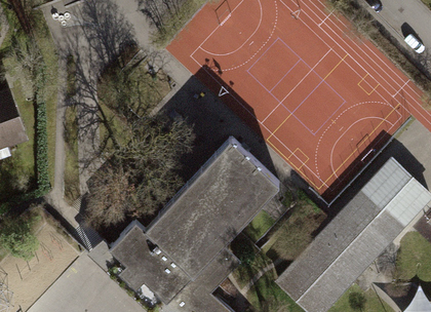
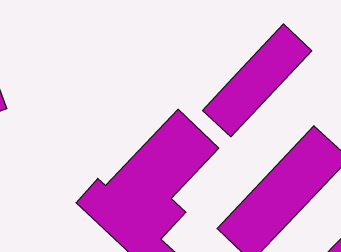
building: none -> [203,24,312,137]

